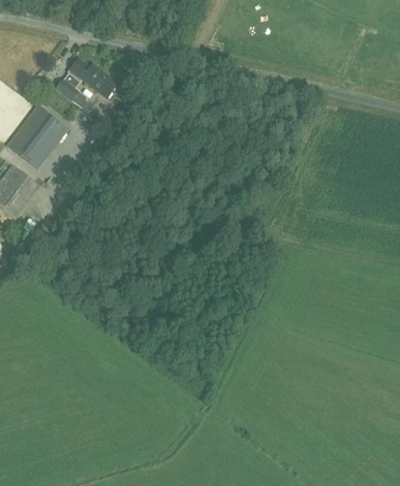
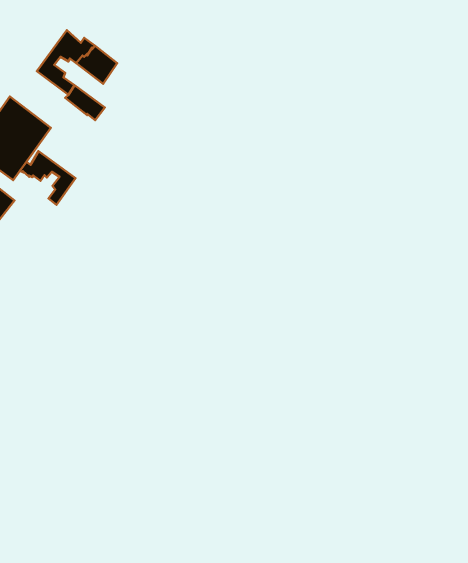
building: none -> [20,151,76,205]

